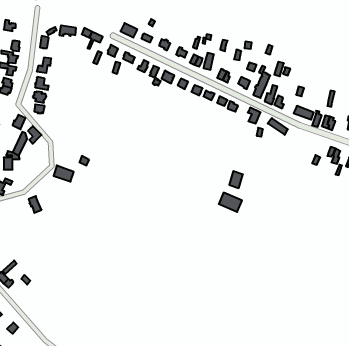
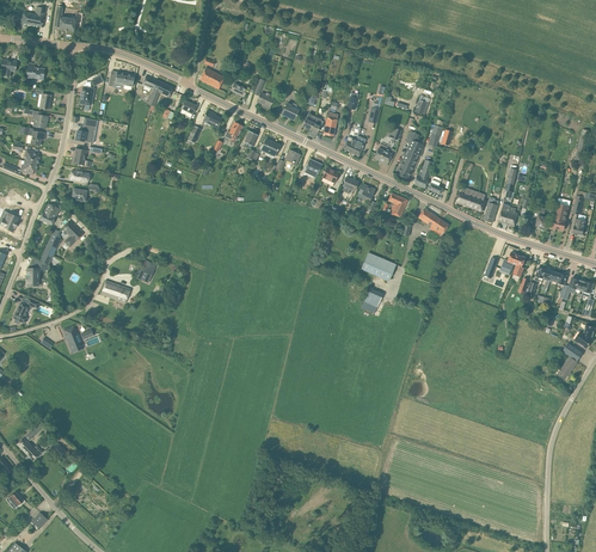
building: [219,193,242,212] -> [361,252,395,281]

